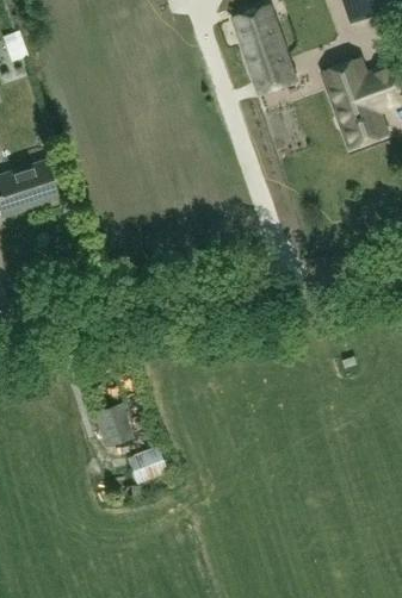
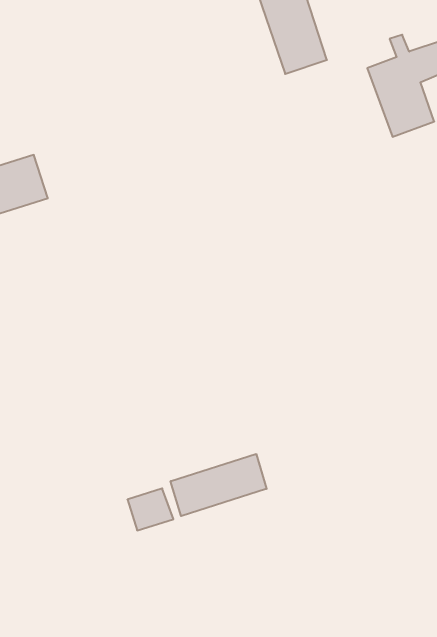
building: [93,404,131,446] -> none
building: none -> [171,454,267,516]

